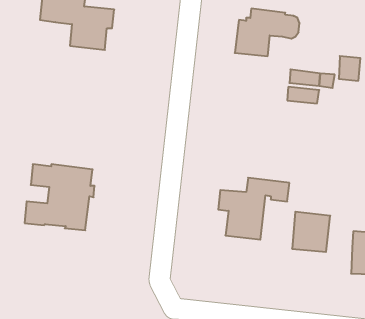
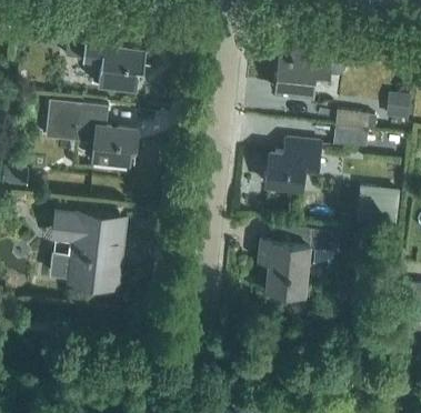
building: none -> [48,101,136,164]
building: none -> [265,140,320,190]
building: [292,212,330,252] -> [358,189,399,232]

